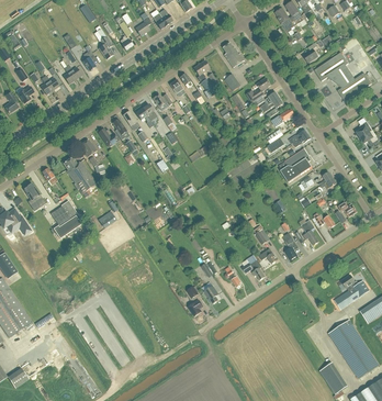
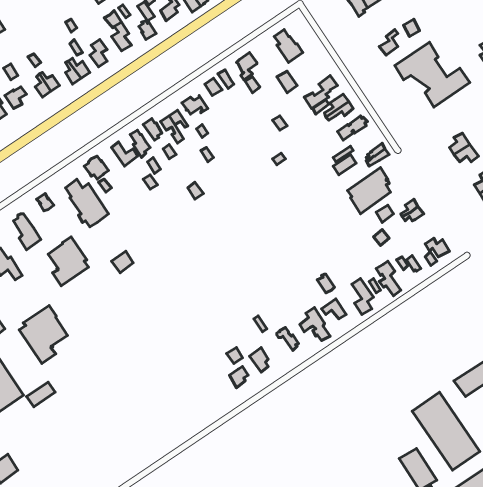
building: none -> [19,305,68,364]
building: [334,274,369,309] -> none

